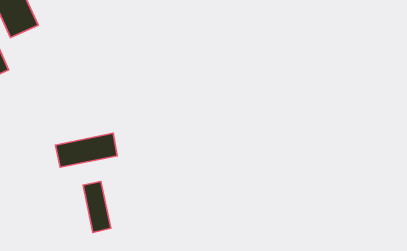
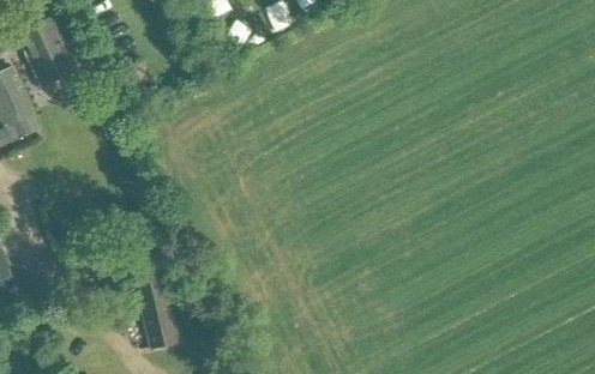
building: [56,133,117,167] -> none

